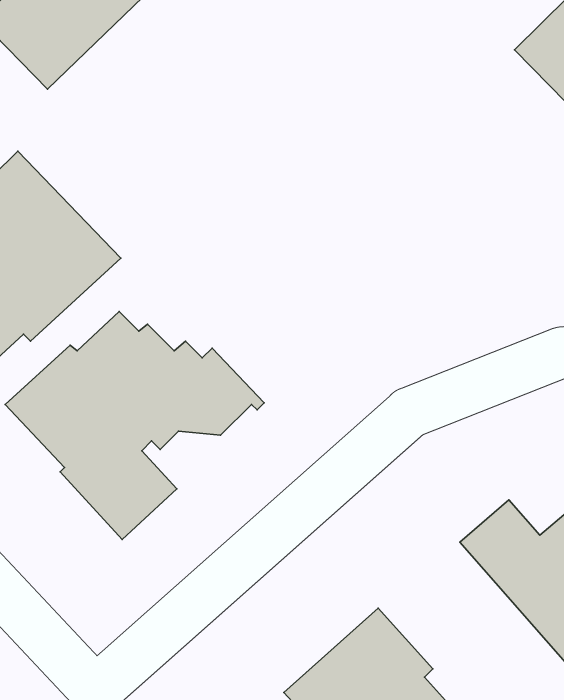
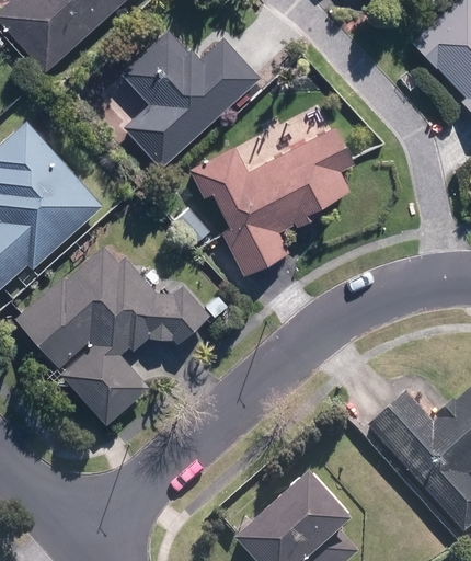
building: none -> [118,27,260,170]
building: none -> [191,126,354,277]

